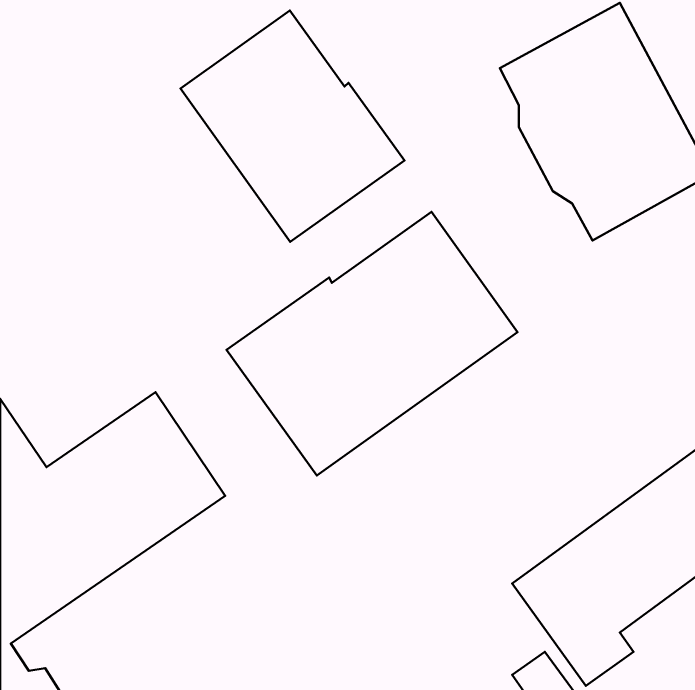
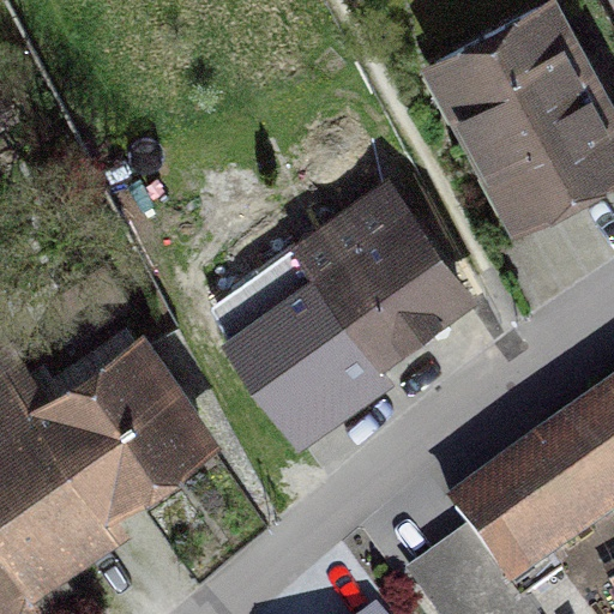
building: [181,10,405,242] -> none

